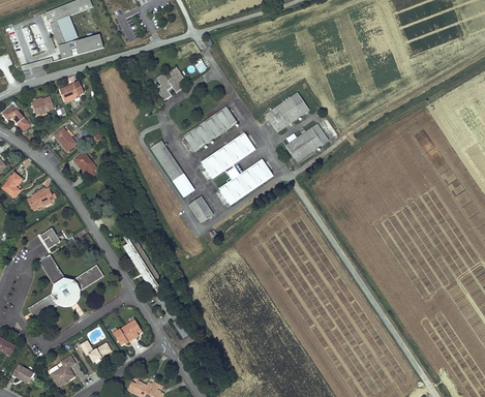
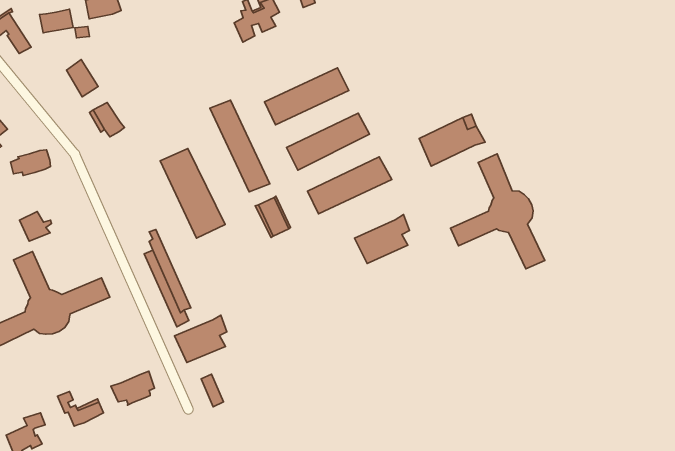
building: [264,92,309,132] -> none
building: none -> [451,154,545,269]
building: none -> [160,149,225,238]
building: none -> [354,214,410,264]
building: none -> [174,315,227,363]

